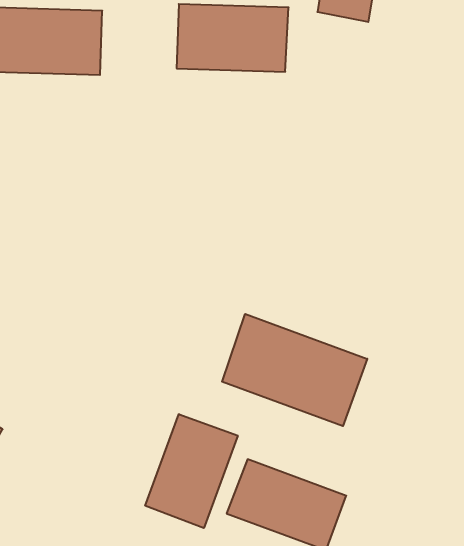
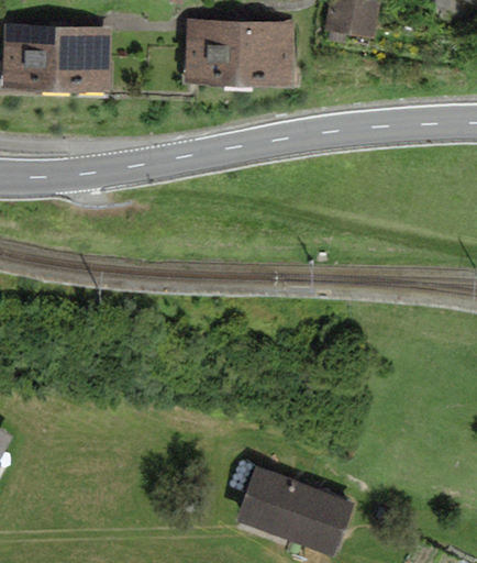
building: [222,314,367,426] -> none
building: [145,414,238,528] -> none

